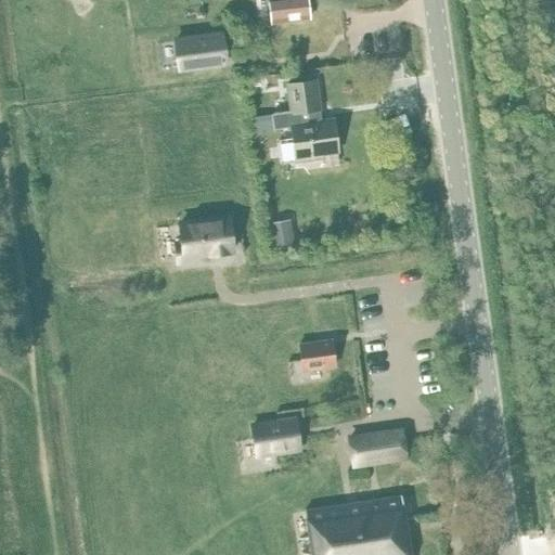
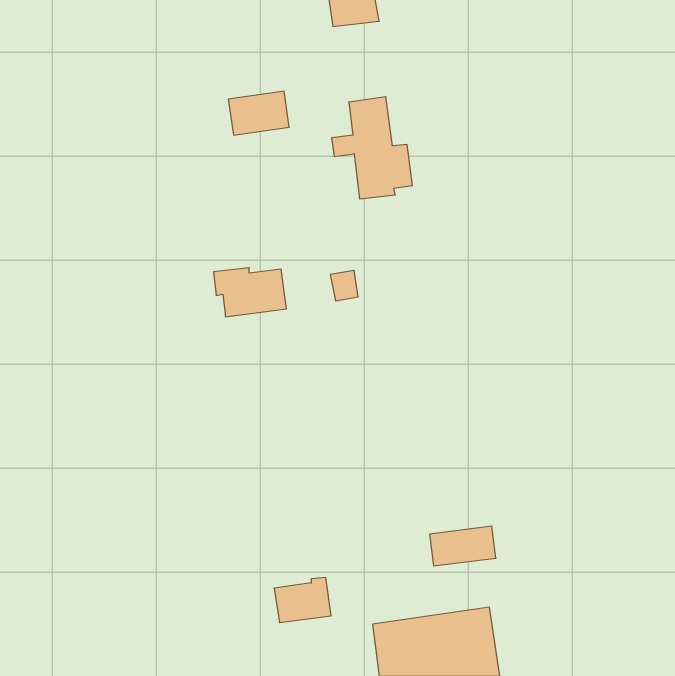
building: [177,33,227,68] -> [228,91,289,135]
building: [299,339,337,371] -> none
building: [254,416,300,453] -> [274,578,331,623]

